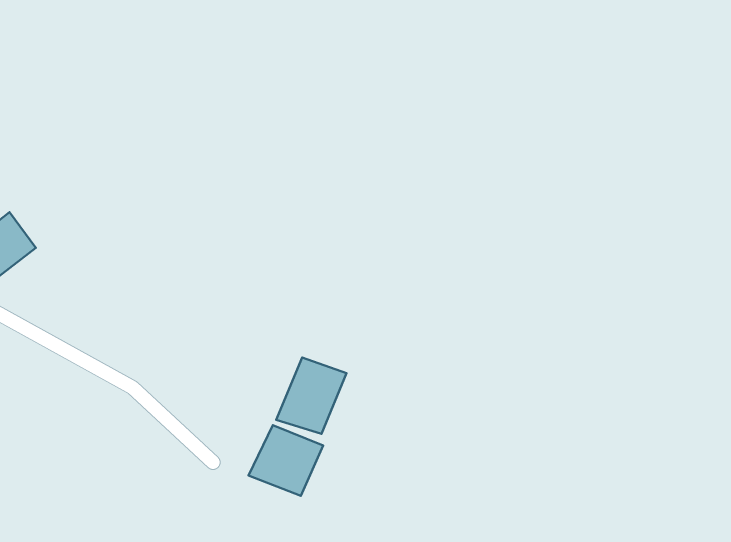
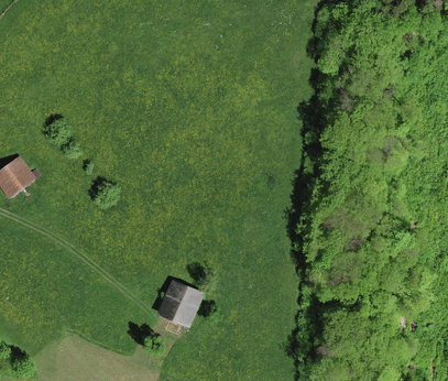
building: [276,358,346,434] -> none

